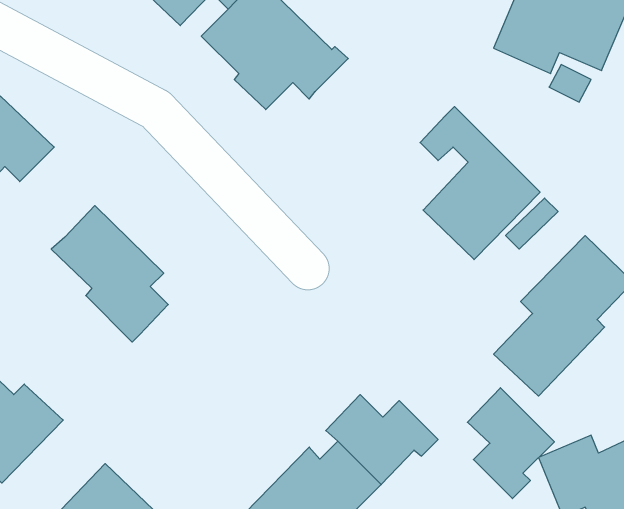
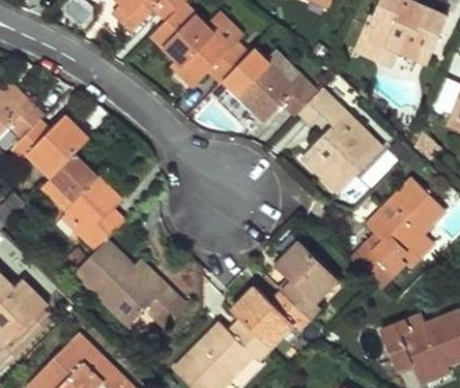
building: none -> [225,50,315,119]
building: none -> [11,116,88,178]
building: none -> [77,245,177,326]
building: [467,388,554,499] -> [279,241,339,318]

